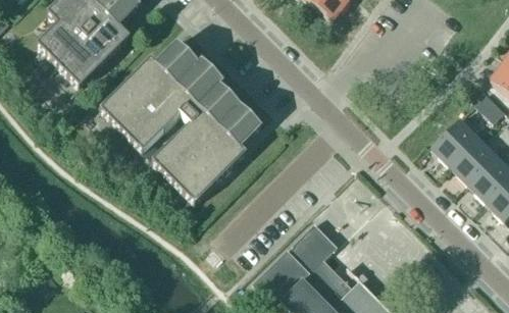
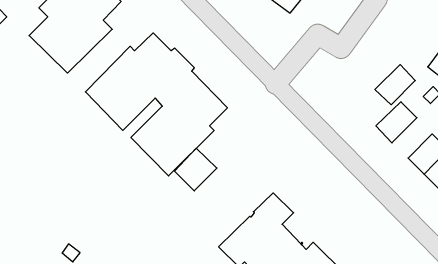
building: [450,137,496,182] -> [375,65,415,105]
building: none -> [175,148,217,191]

